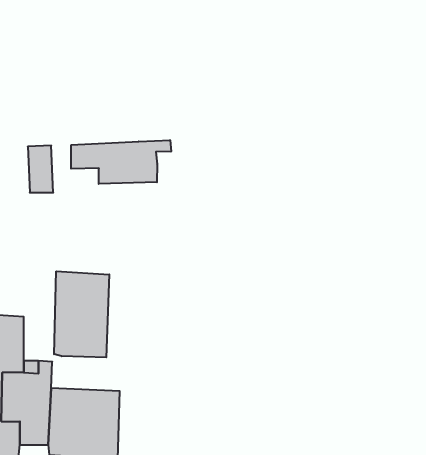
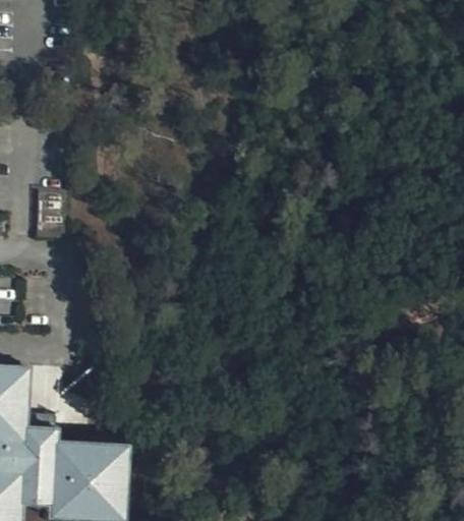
building: [71,140,171,184] -> none
building: [54,271,109,357] -> none

